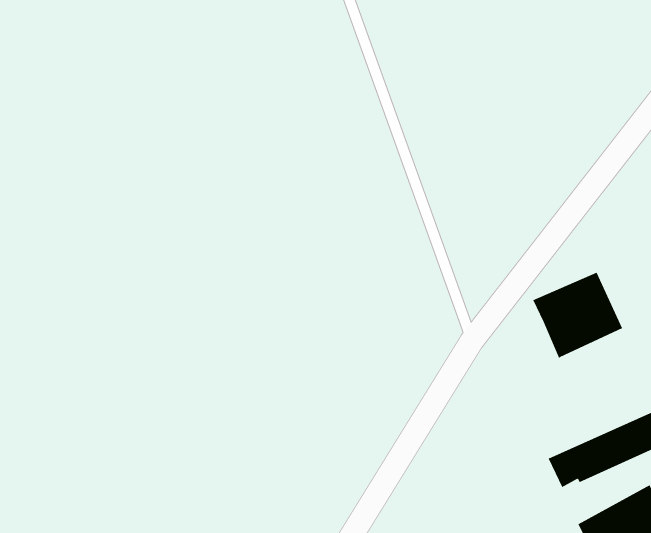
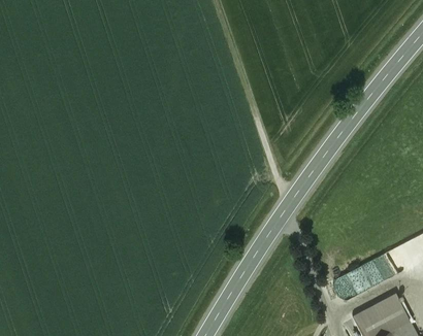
building: [532,272,623,359] -> none

